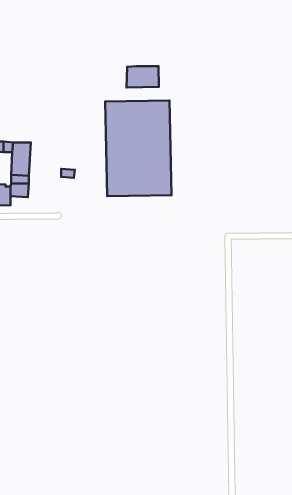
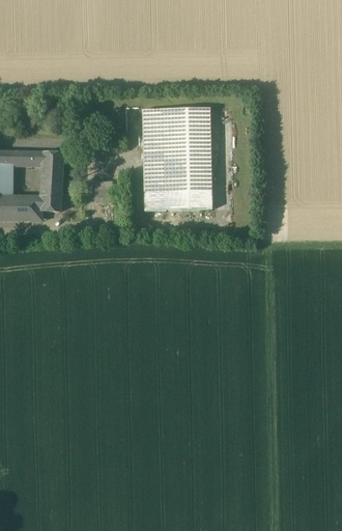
building: [126,66,159,88] -> none

